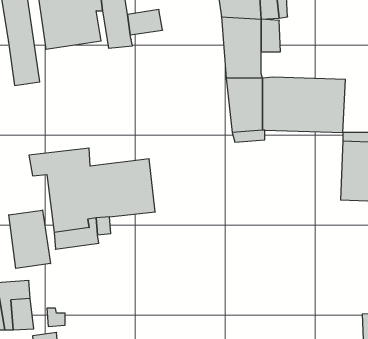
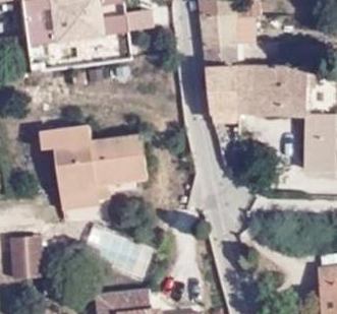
building: none -> [55,40,130,69]
building: [9,210,50,268] -> none

